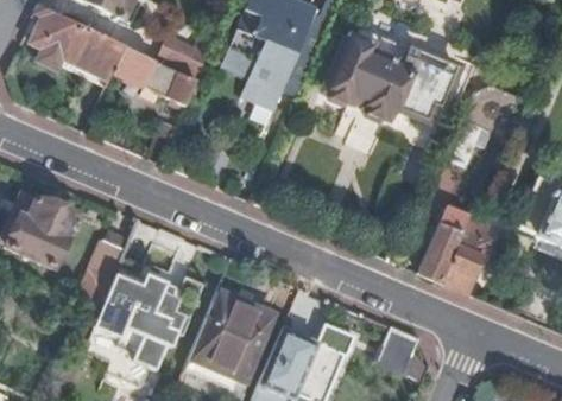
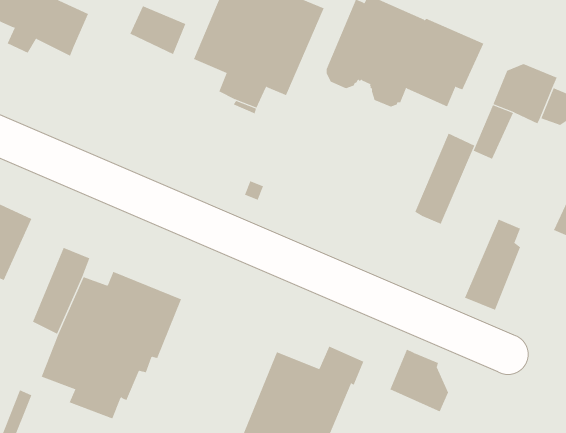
building: [112,43,195,104] -> none
building: [417,204,468,281] -> [414,133,475,225]
building: [189,289,272,377] -> none

